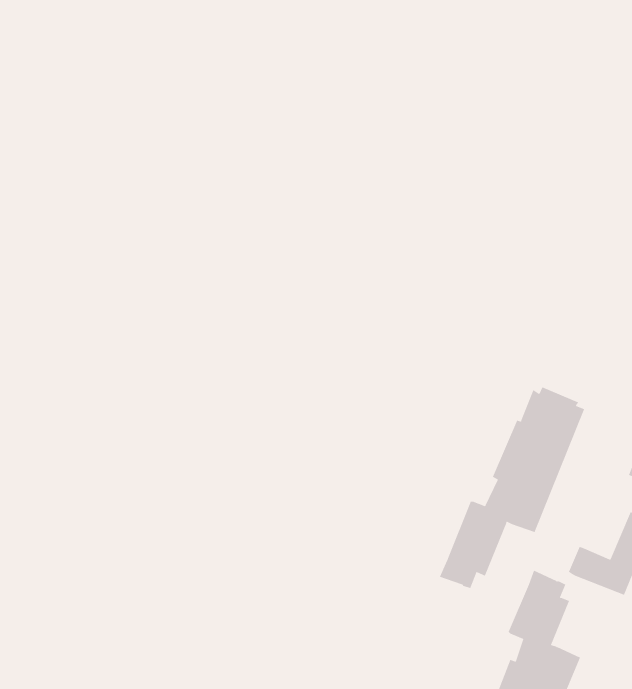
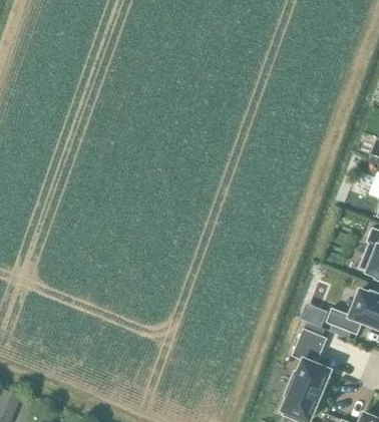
building: [439,387,585,589] -> none

